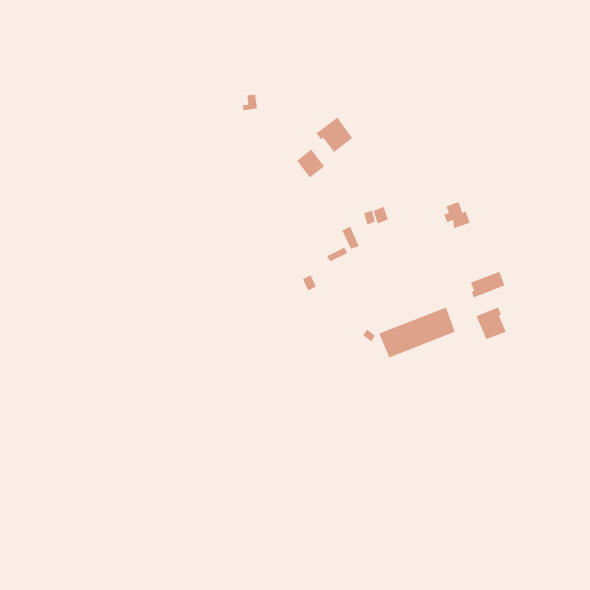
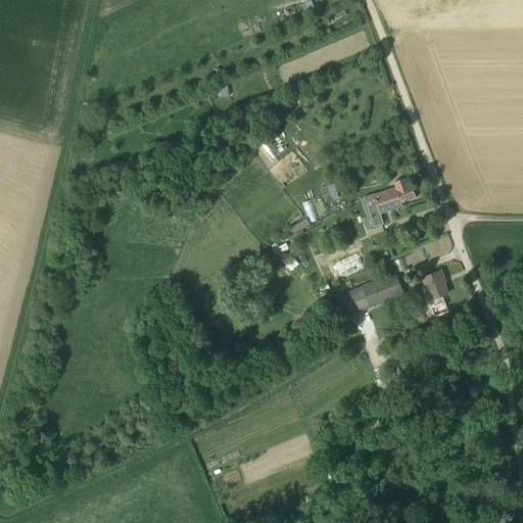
building: [316,116,353,153] -> none
building: none -> [364,190,402,228]

